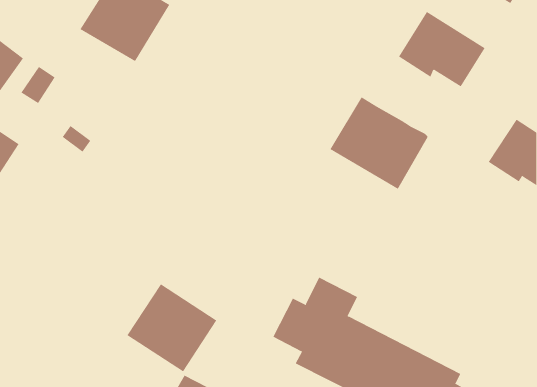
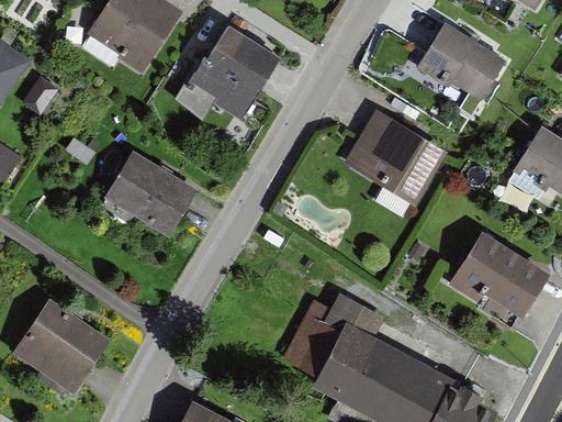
building: none -> [189,27,281,122]
building: none -> [104,147,198,234]
building: none -> [446,236,540,322]
building: [127,284,217,372] -> [9,300,103,392]

